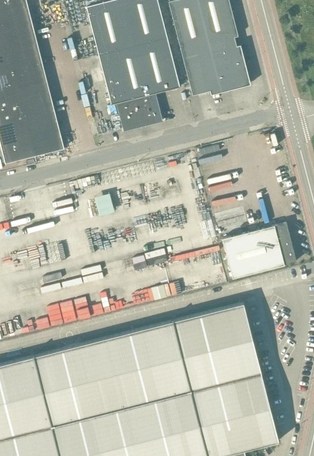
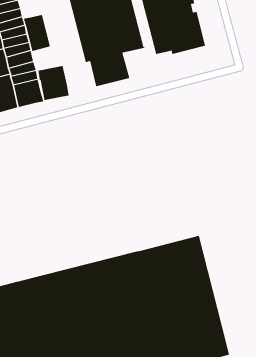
building: none -> [23,14,51,52]
building: none -> [38,65,70,101]
building: [222,223,296,278] -> none

